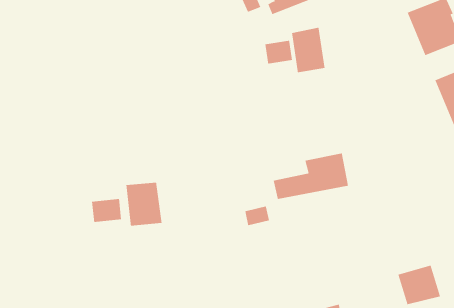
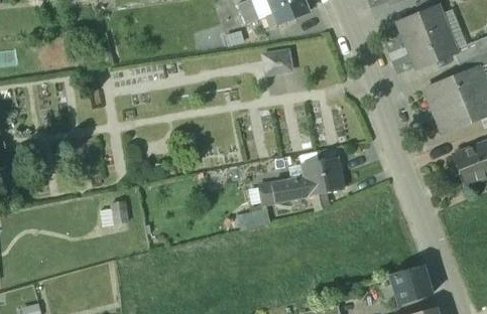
building: [291,27,325,73] -> none
building: [126,182,162,226] -> none

